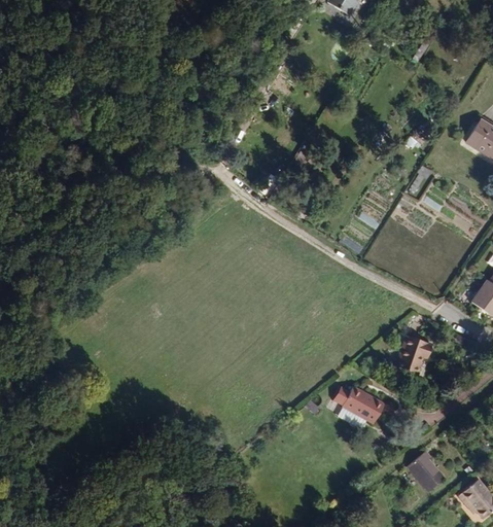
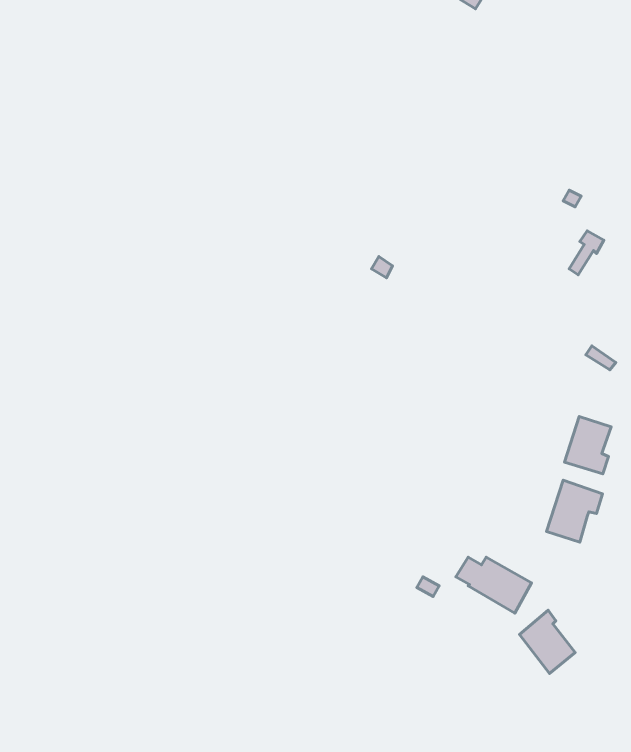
building: none -> [565,417,611,474]
building: [407,449,445,492] -> [519,610,575,674]

